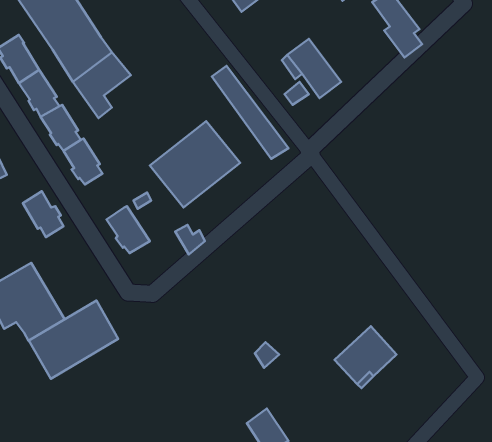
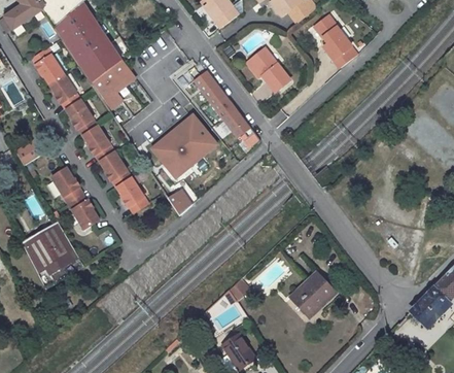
building: none -> [99,152,129,189]
building: none -> [69,194,99,229]
building: [29,301,118,379] -> none

